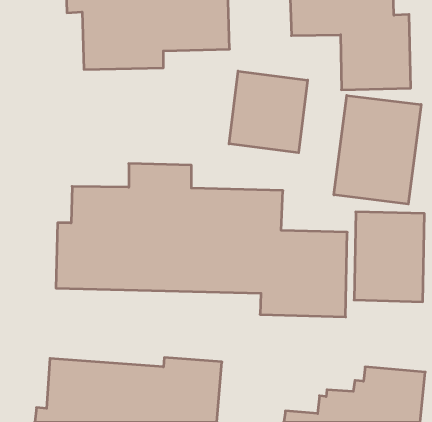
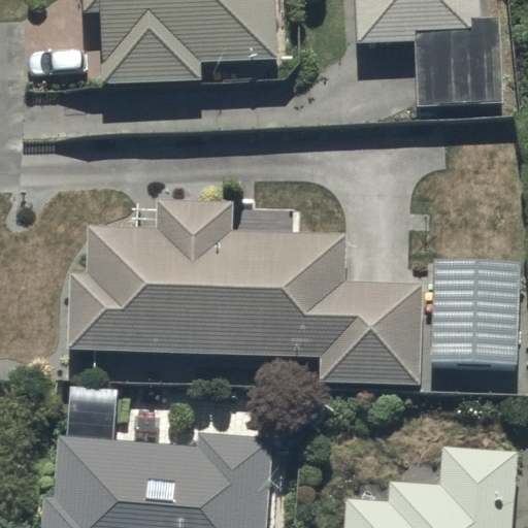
building: [229,71,308,153] -> none
building: [334,95,421,204] -> none

